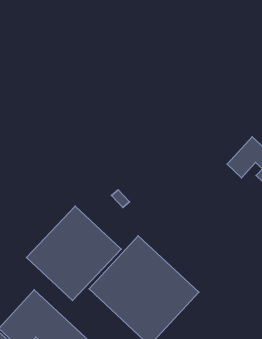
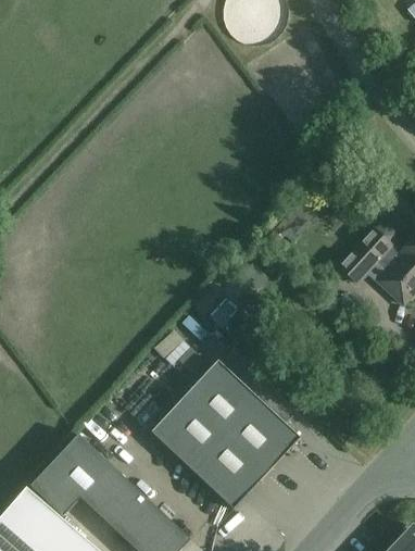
building: [26,206,121,301] -> none

